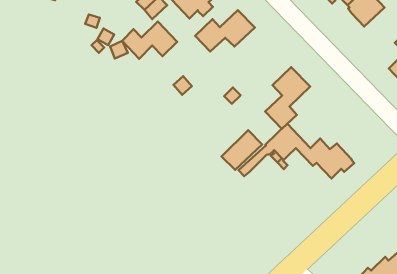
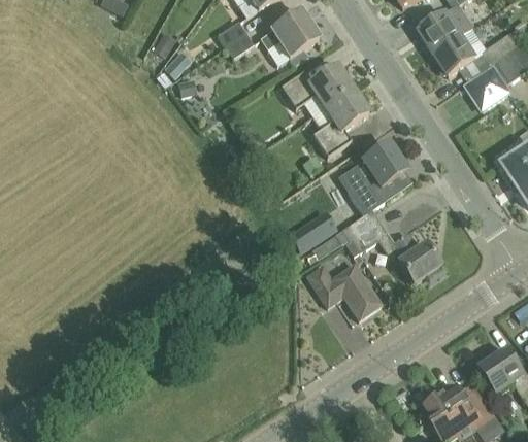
building: [122,22,177,59] -> none
building: none -> [312,87,368,154]
building: none -> [306,262,382,317]

